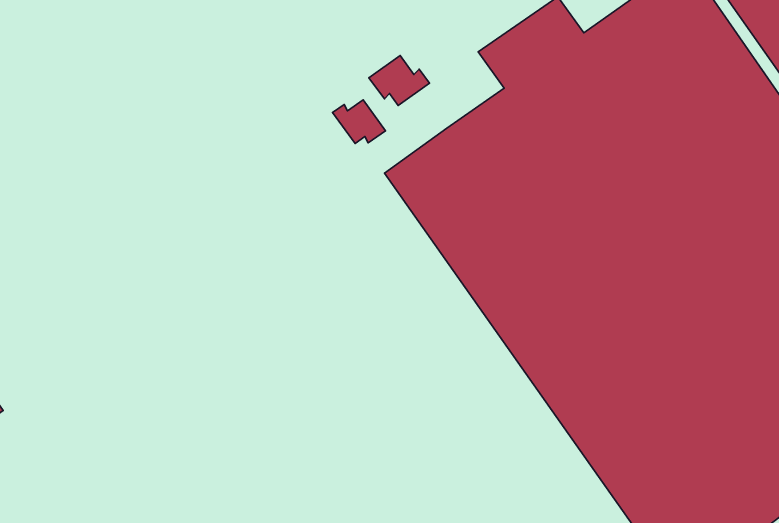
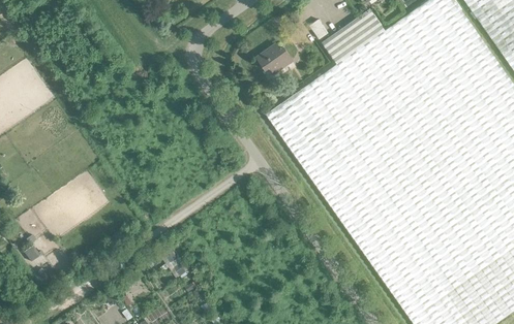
building: [333,100,386,144] -> none

